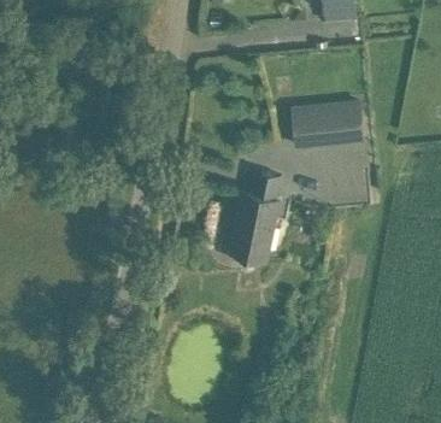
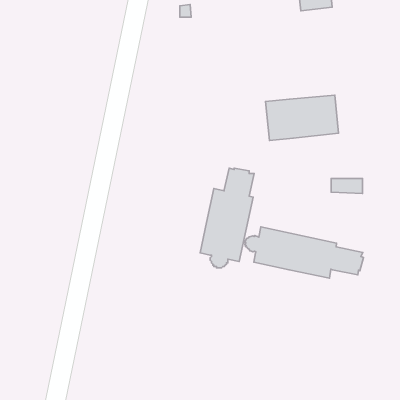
building: none -> [244,227,364,278]

